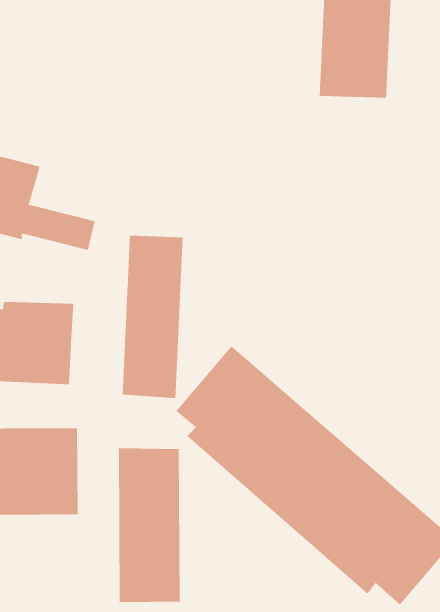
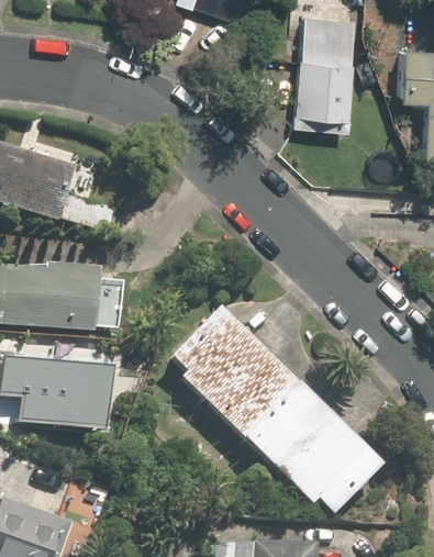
building: [122,235,183,399] -> none
building: [118,448,180,603] -> none

